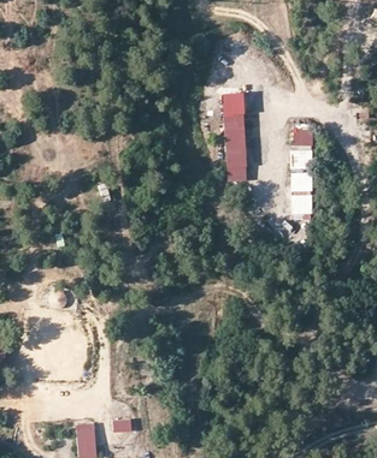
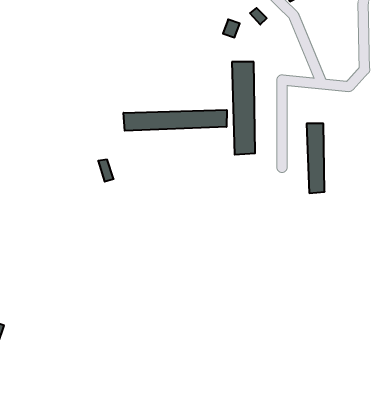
building: none -> [124,110,227,131]

